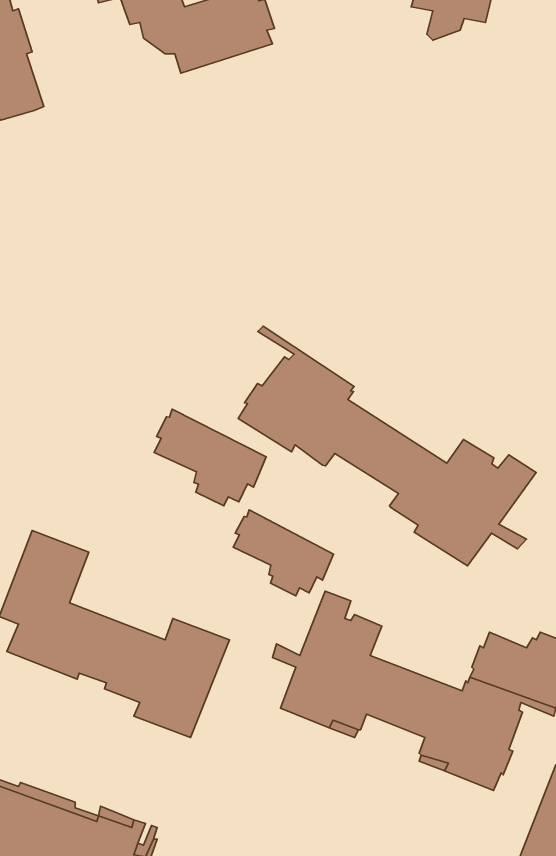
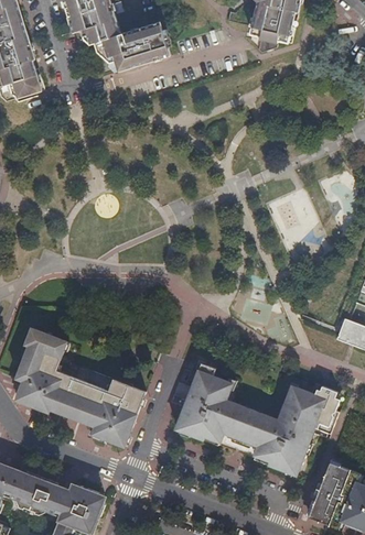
building: [238,326,536,566] -> none
building: [154,409,266,506] -> none
building: [233,510,333,596] -> none

